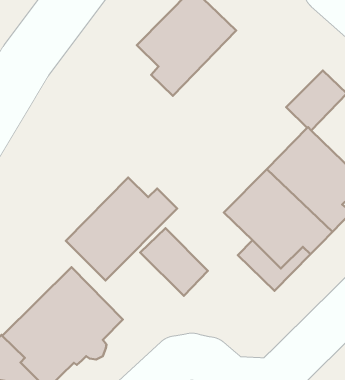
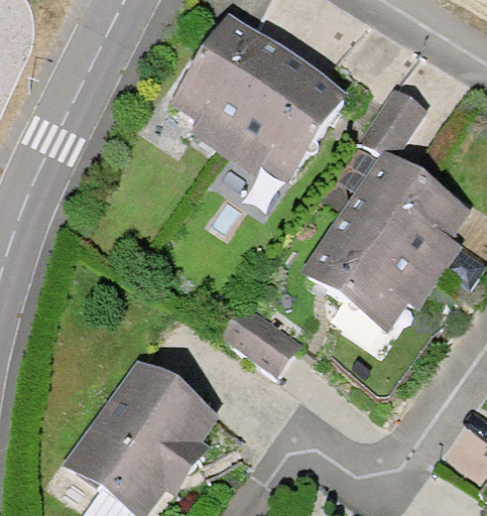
building: none -> [227,56,345,172]
building: [66,177,177,280] -> none

